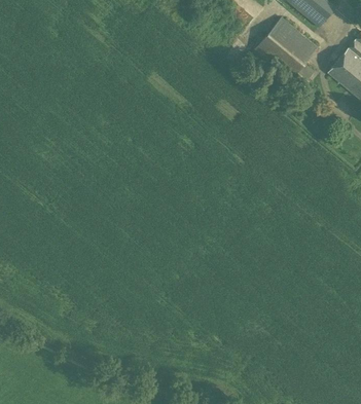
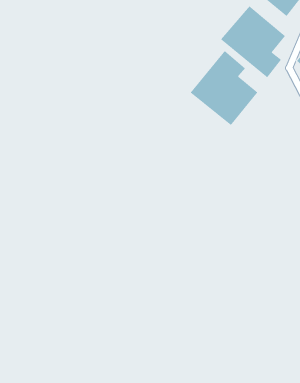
building: none -> [190,50,258,126]

